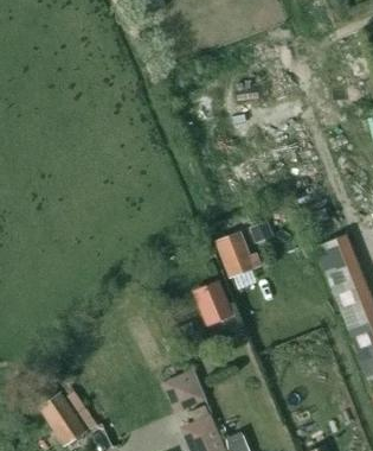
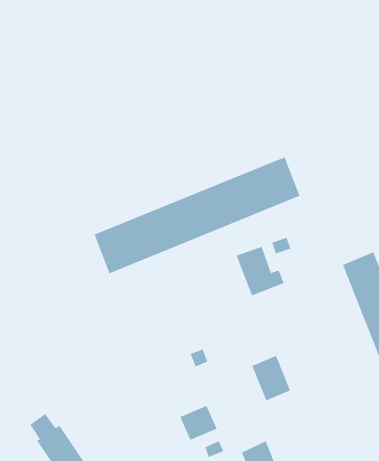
building: none -> [94,156,300,274]
building: [195,281,231,323] -> [252,355,291,401]

